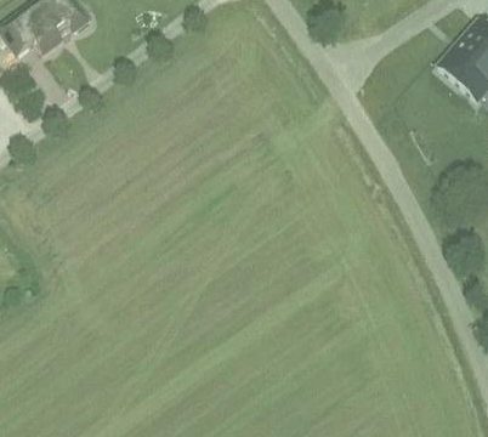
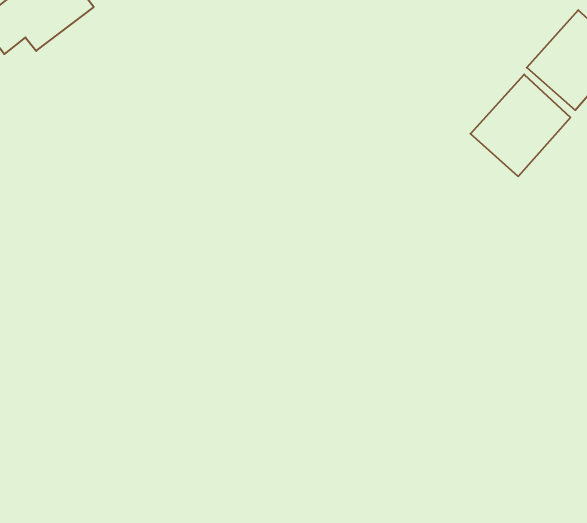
building: none -> [470,74,570,176]

